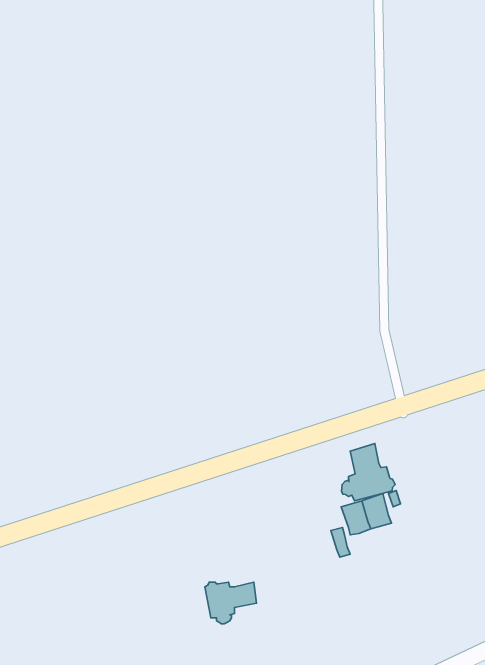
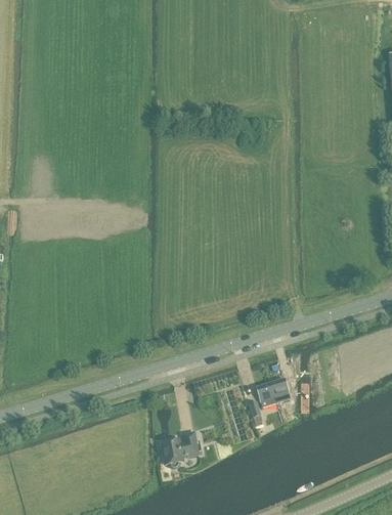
building: [342,444,395,501] -> none

